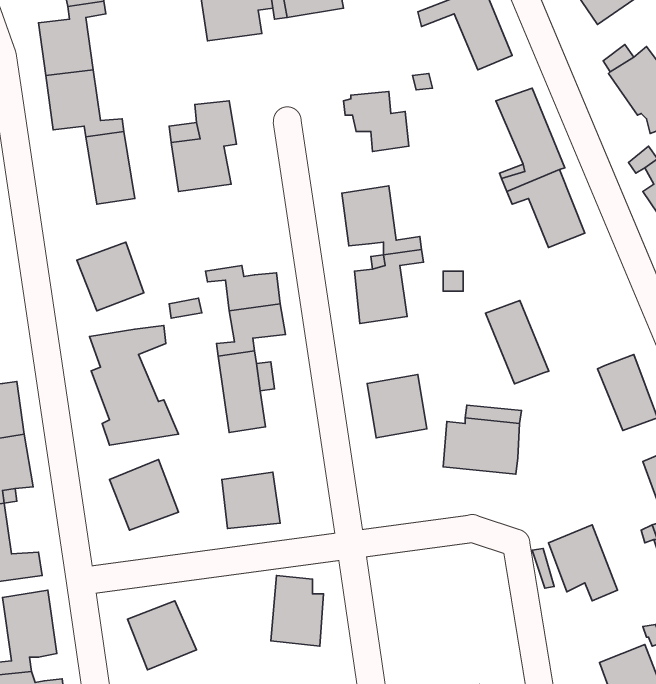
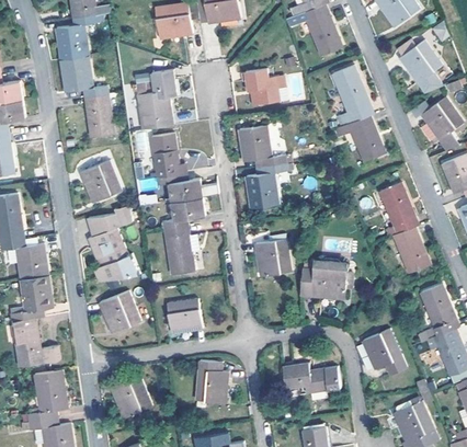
building: none -> [151,133,179,176]
building: [485,300,549,384] -> [380,183,419,233]
building: none -> [282,363,340,392]

